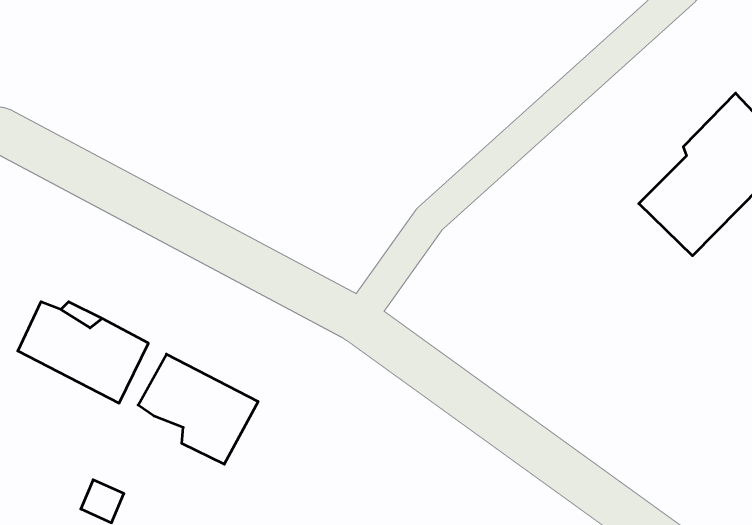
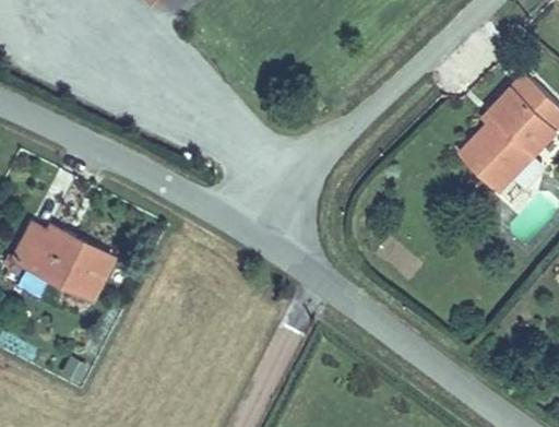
building: [138,354,258,464] -> none

